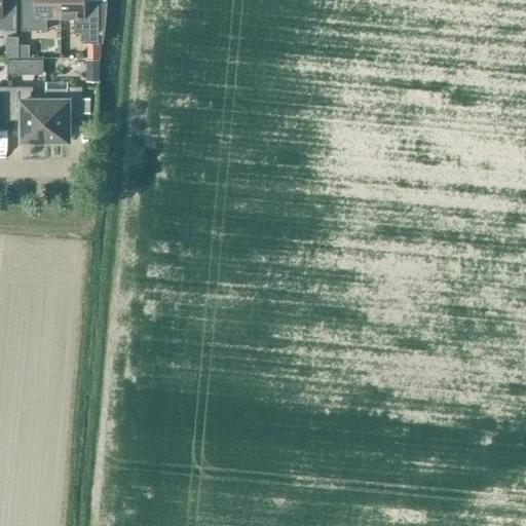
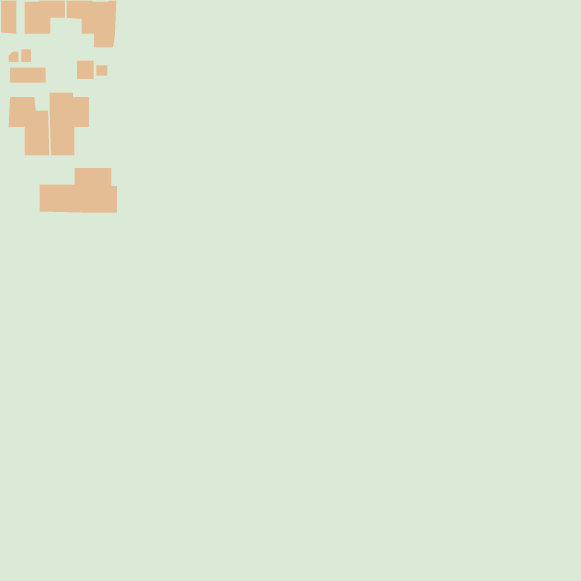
building: none -> [39,167,117,213]

